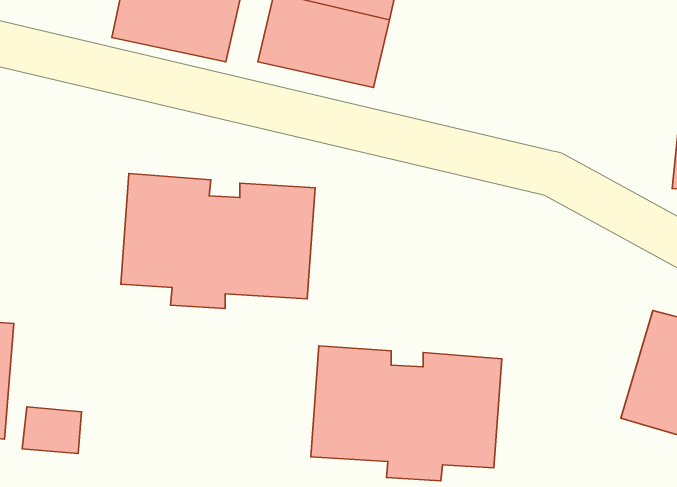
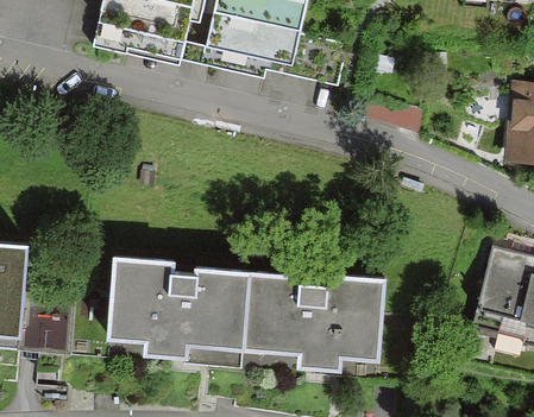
building: [121,174,315,308] -> [105,261,249,361]

